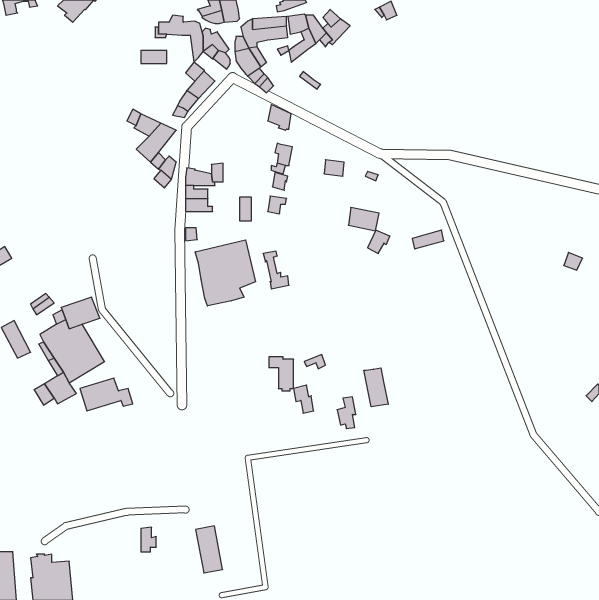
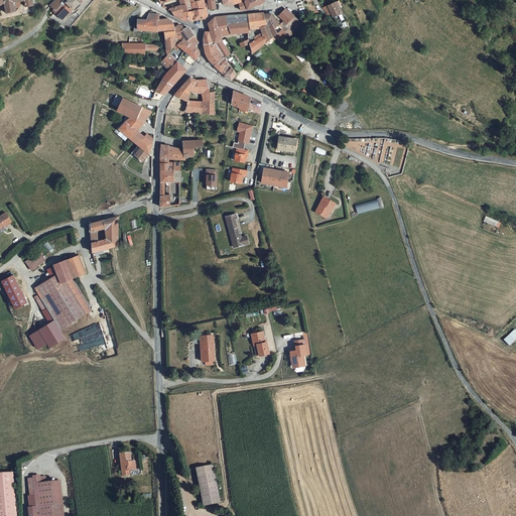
building: none -> [173,77,214,115]
building: [348,207,379,231] -> [261,167,287,187]
building: [195,240,256,306] -> none
building: none -> [89,216,116,253]
building: [269,357,294,391] -> [191,334,213,363]
building: [364,368,388,407] -> none
building: [196,526,223,573] -> [199,464,222,504]

